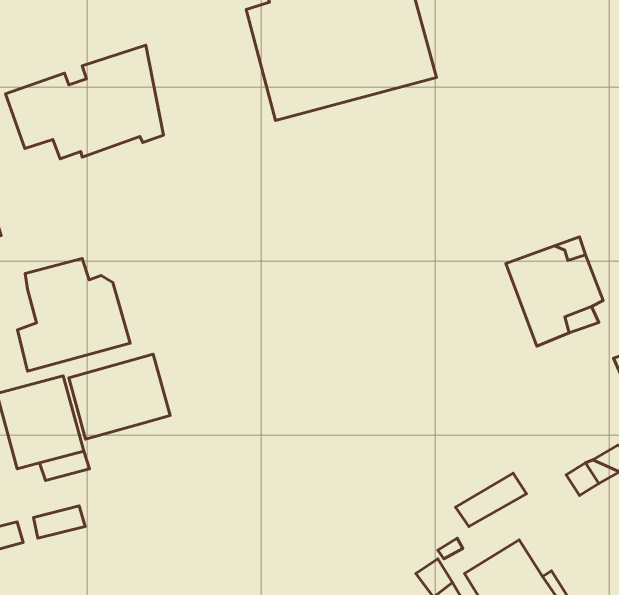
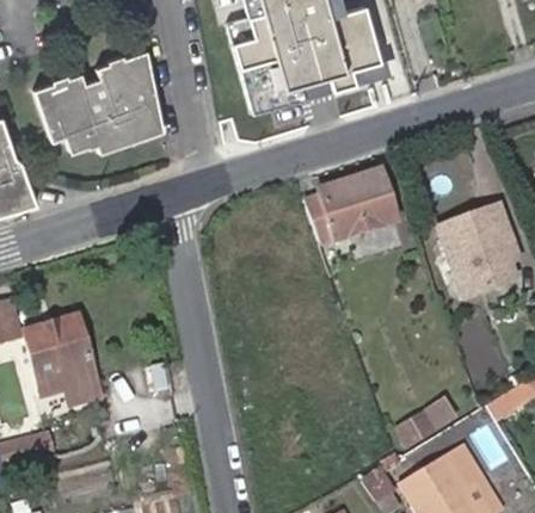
building: none -> [301,171,396,242]
building: [17,258,130,371] -> none
building: [69,354,170,439] -> none

